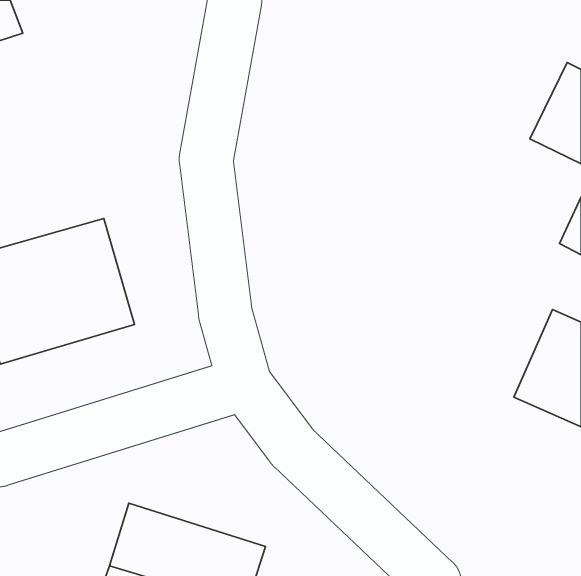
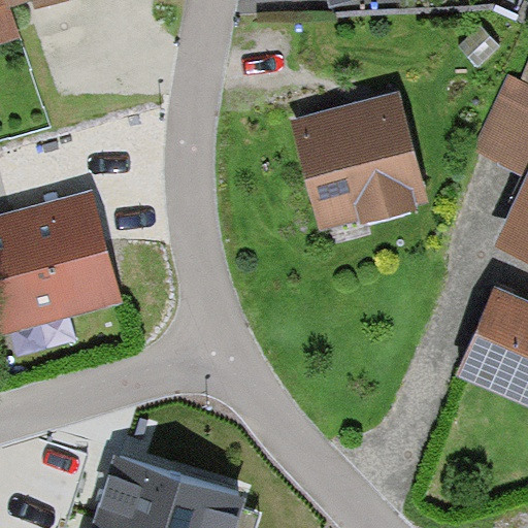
building: none -> [298,100,421,221]

